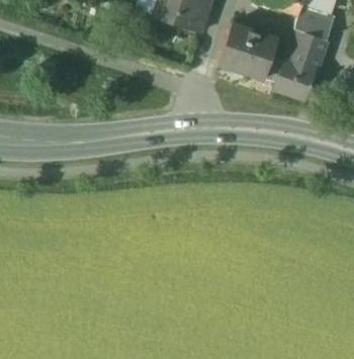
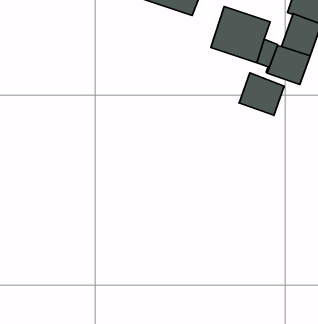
building: none -> [239,73,284,115]

